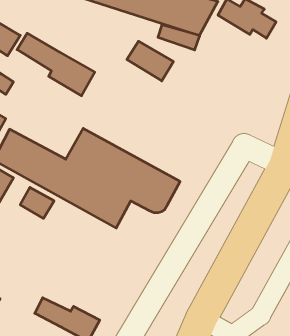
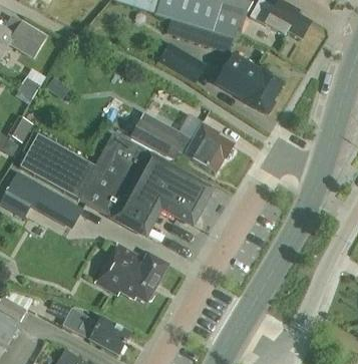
building: [17,33,95,96] -> none
building: none -> [215,54,282,112]
building: none -> [130,113,233,172]
building: none -> [95,243,167,303]

